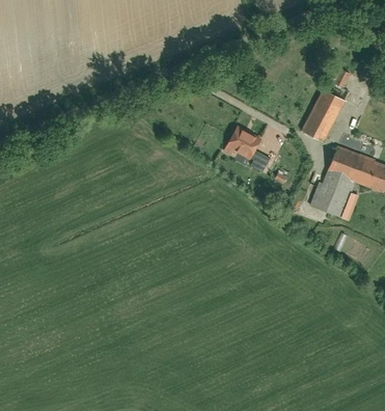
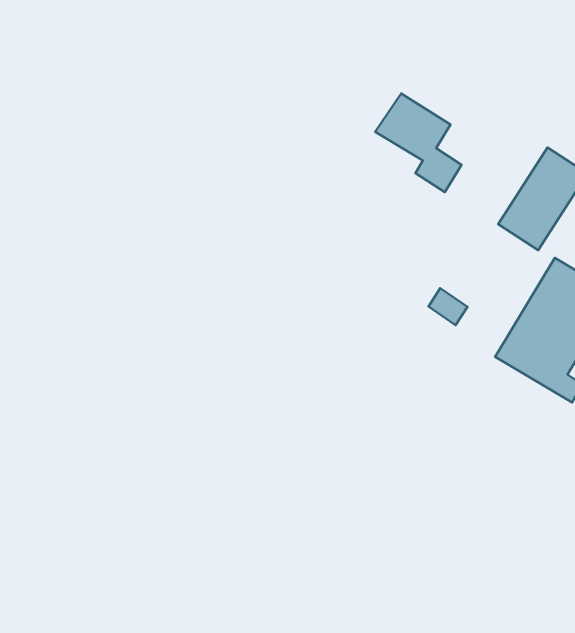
building: [222,122,270,172] -> [375,94,462,192]

